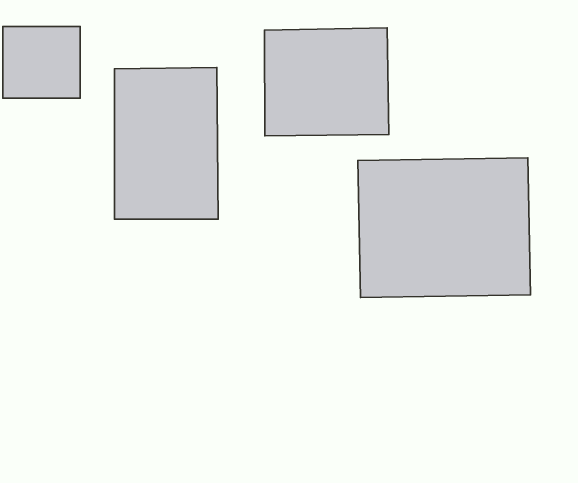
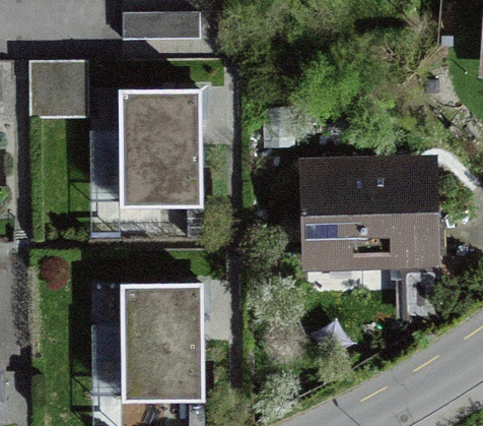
building: [264,28,389,136] -> none
building: none -> [119,289,199,400]

